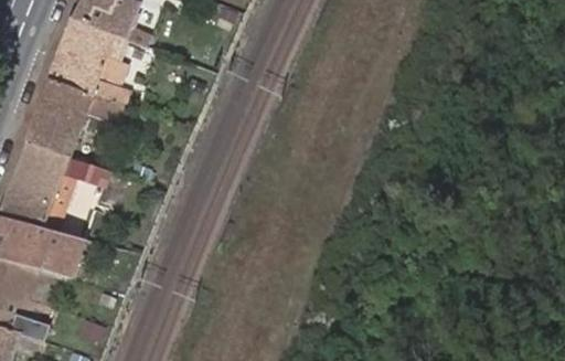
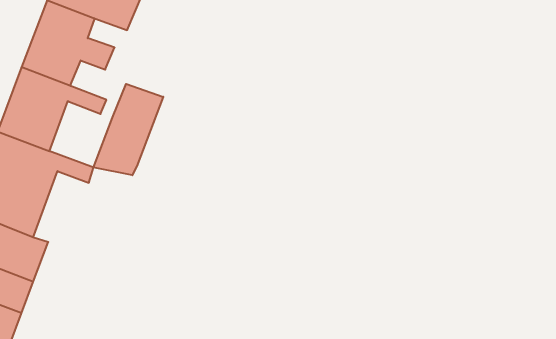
building: none -> [94,84,163,175]

